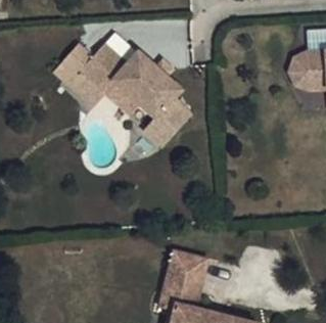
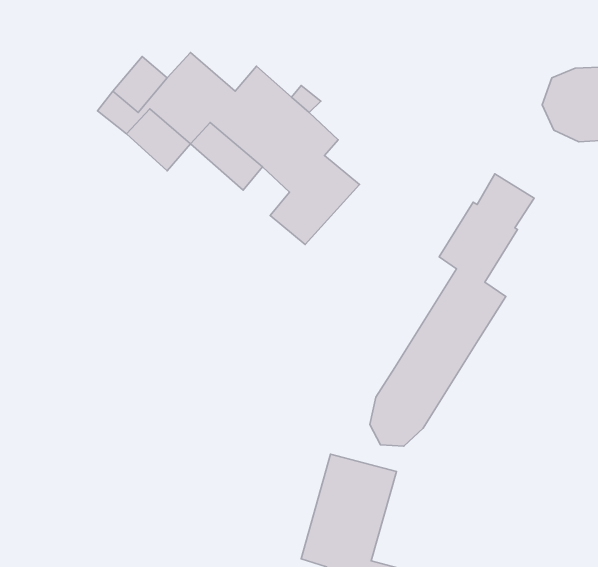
building: none -> [370,174,534,446]

